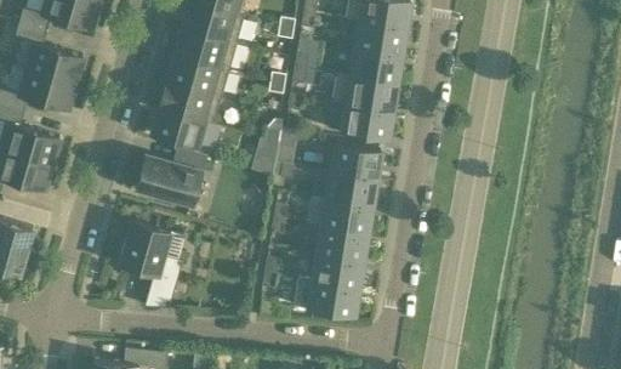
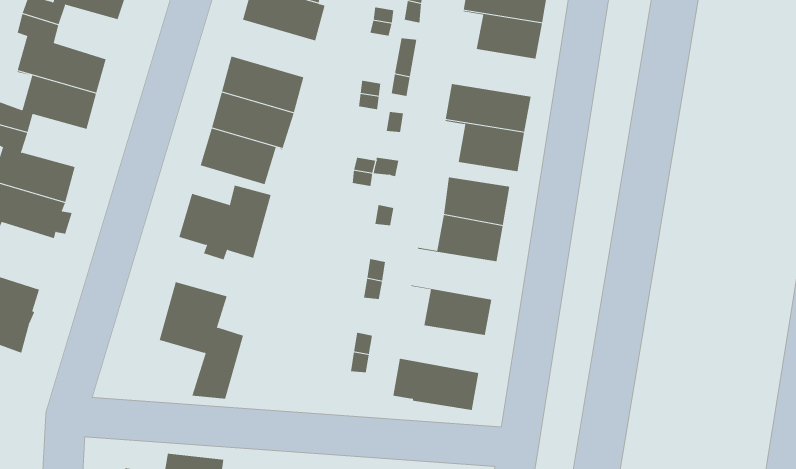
building: [175,27,238,69] -> none
building: [338,49,401,84] -> none
building: [308,197,372,234] -> none
building: [300,254,364,289] -> none

